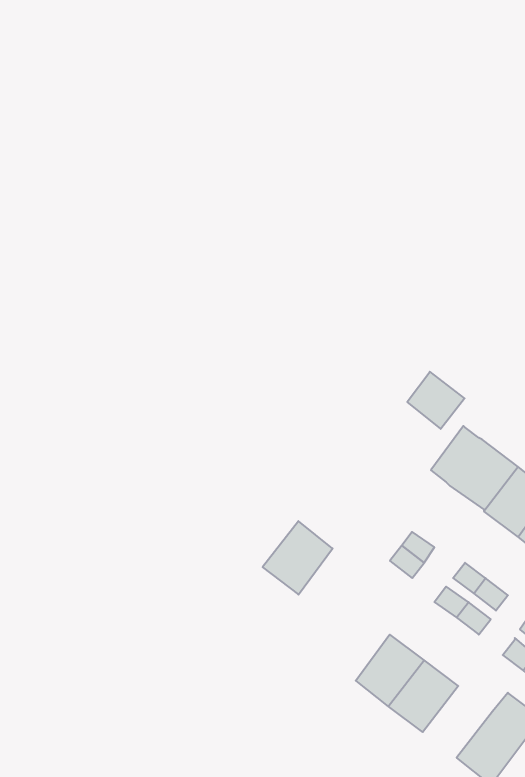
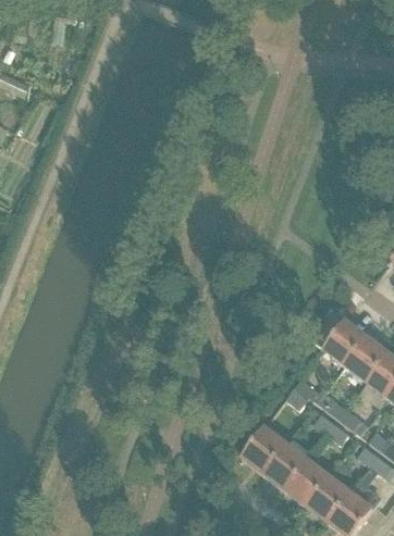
building: [407,372,465,429] -> none
building: [263,521,333,595] -> [241,426,285,473]
building: none -> [306,476,350,522]

